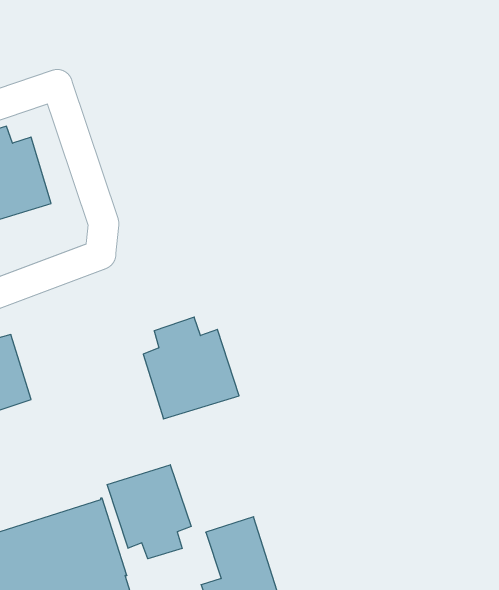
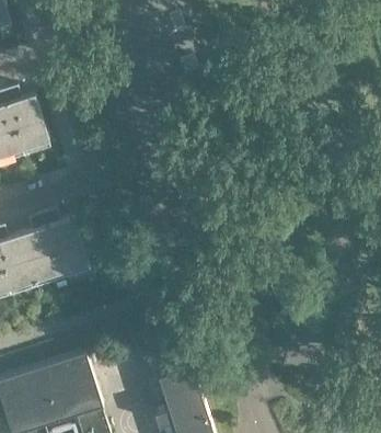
building: [143,317,239,419] -> [20,213,88,285]
building: [107,465,191,559] -> none

